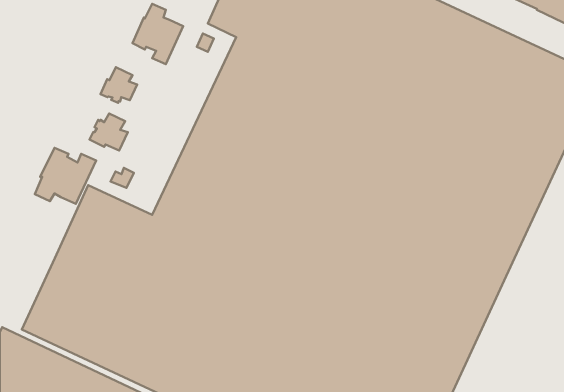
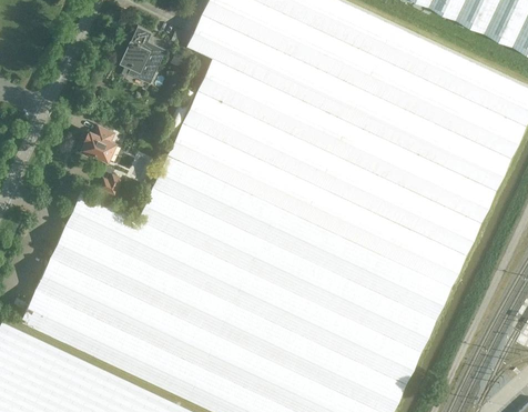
building: [101,67,137,103] -> none
building: [35,148,96,204] -> none

